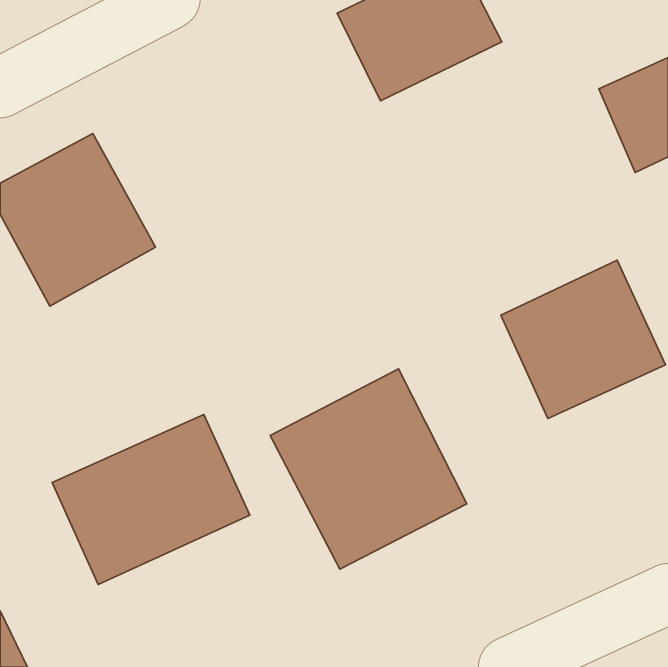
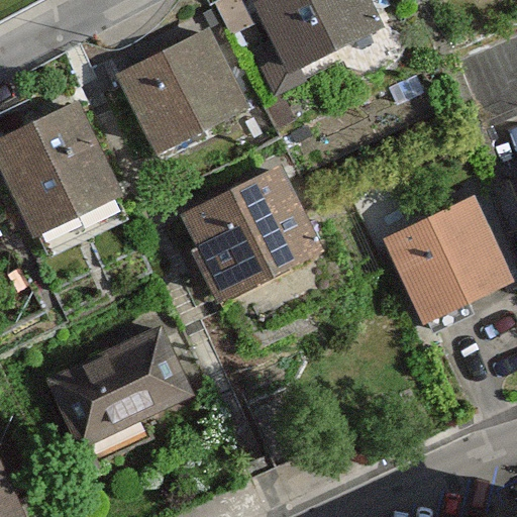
building: none -> [118,30,243,144]
building: none -> [180,165,317,291]
building: [270,369,467,569] -> none

